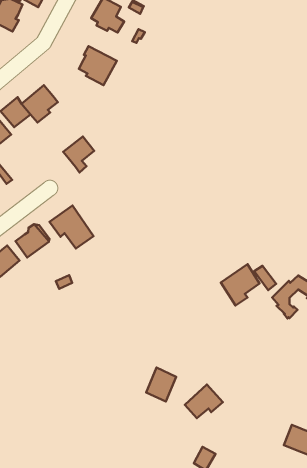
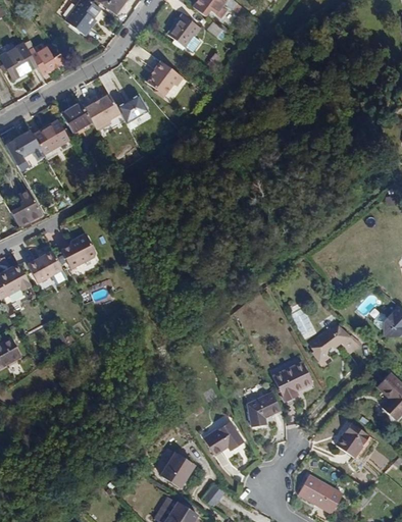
building: [63,137,94,172] -> [117,94,149,129]
building: [49,205,93,248] -> none
building: [221,264,259,305] -> [272,362,311,402]
building: none -> [246,393,280,426]
building: [146,368,176,402] -> [160,452,193,487]

